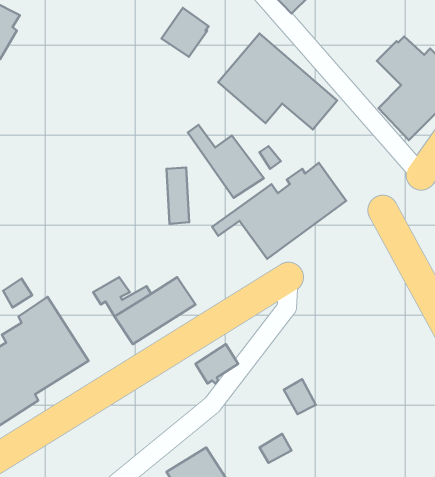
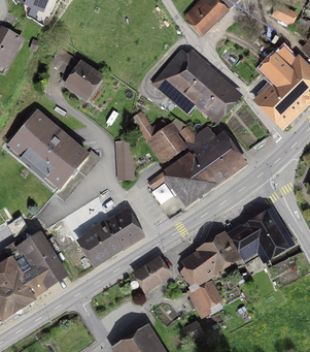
building: [161,8,209,57] -> [68,62,100,95]
building: none -> [11,113,87,186]
building: none -> [229,215,287,262]
building: none -> [179,236,236,289]

